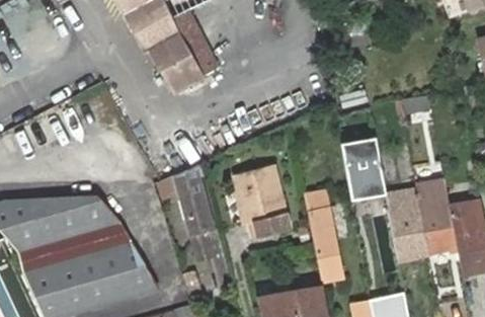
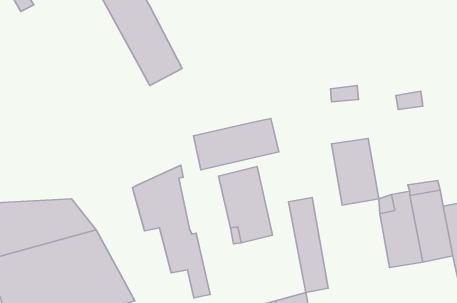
building: none -> [194,118,279,170]

